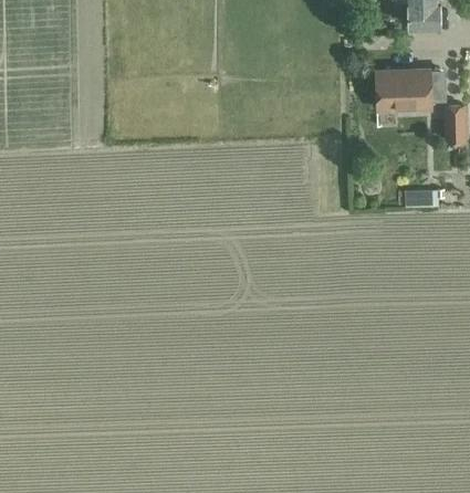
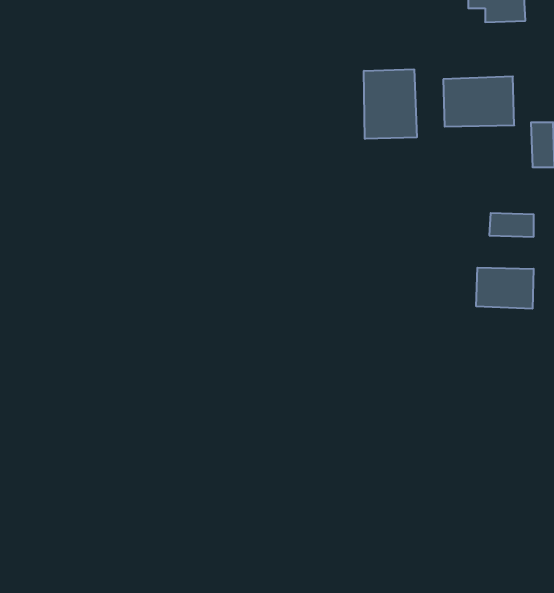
building: none -> [364,69,417,139]
building: none -> [476,268,534,309]

